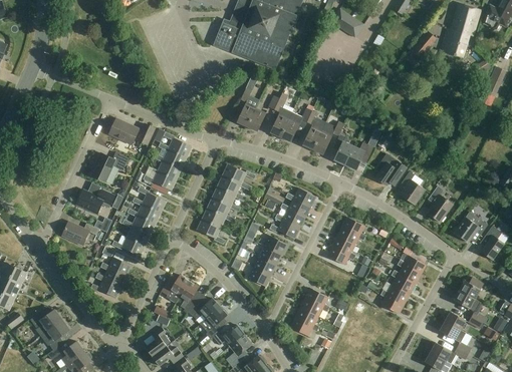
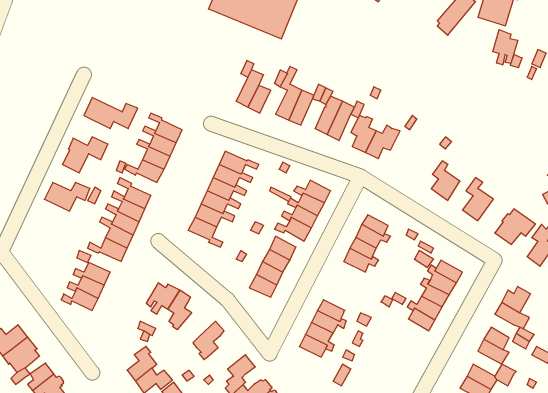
building: none -> [493,30,518,65]
building: [374,153,406,185] -> none
building: [61,222,98,245] -> none
building: [184,298,219,319] -> none
building: [212,324,244,346] -> none

